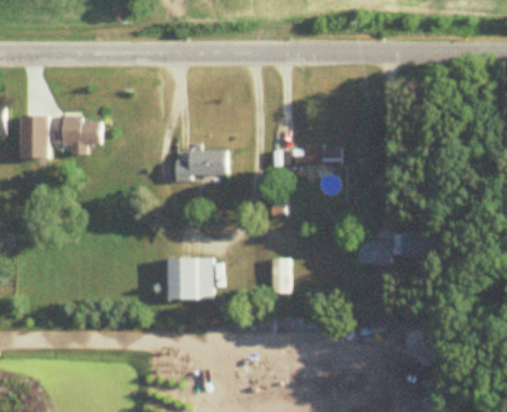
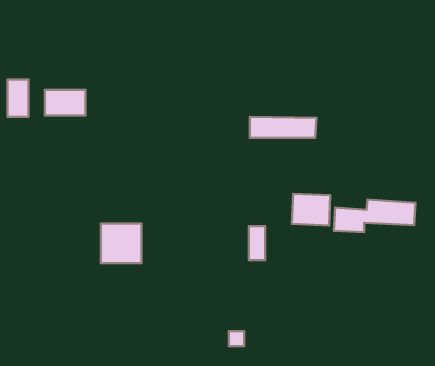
building: [190,151,227,175] -> none
building: none -> [292,194,330,225]
building: [168,259,211,300] -> [101,224,142,263]

